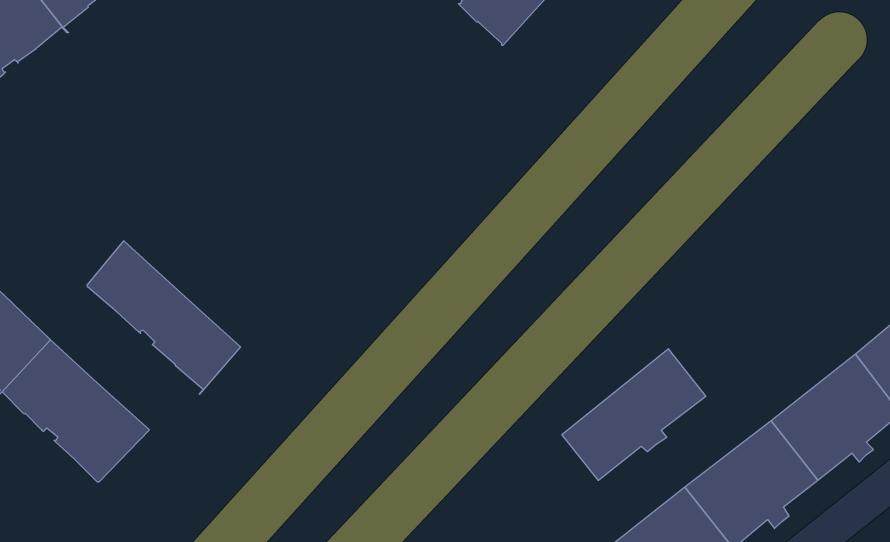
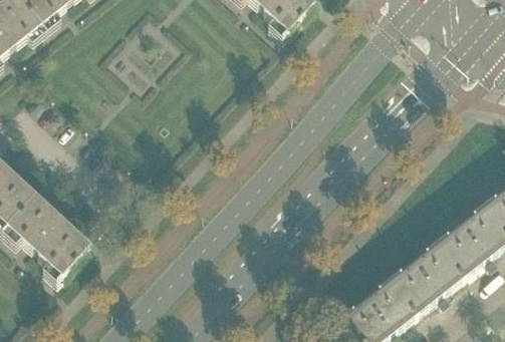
building: [87,241,241,394] -> none
building: [562,349,706,480] -> none

